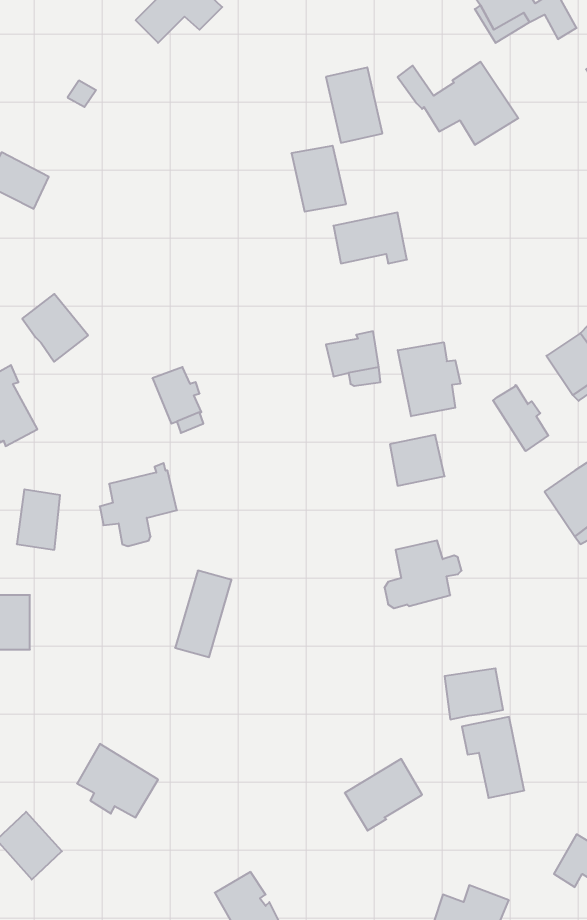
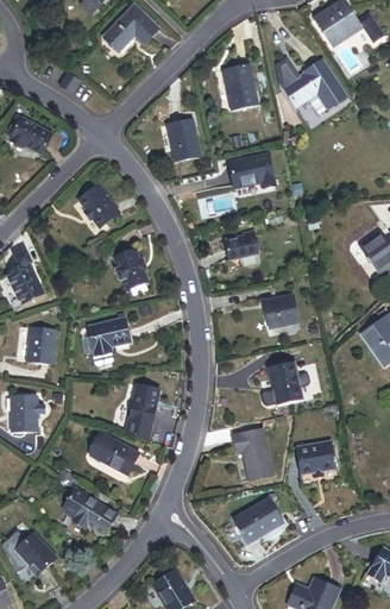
building: [291,146,346,212] -> [165,118,200,159]
building: [22,294,88,362] -> [76,184,118,227]
building: [398,342,460,416] -> none
building: [493,385,548,451] -> none
building: none -> [92,433,139,473]
building: [462,717,524,798] -> [232,429,271,481]

